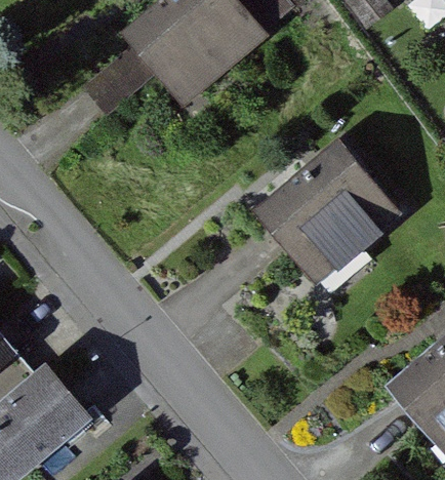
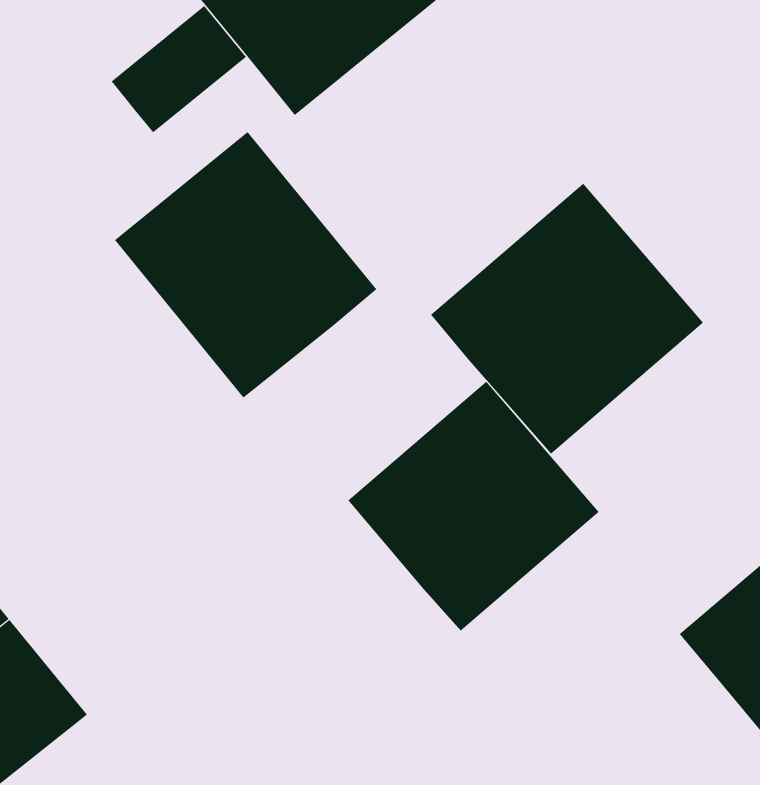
building: none -> [114,131,377,398]
building: none -> [348,381,599,632]

